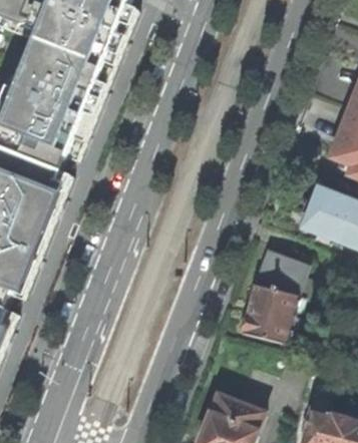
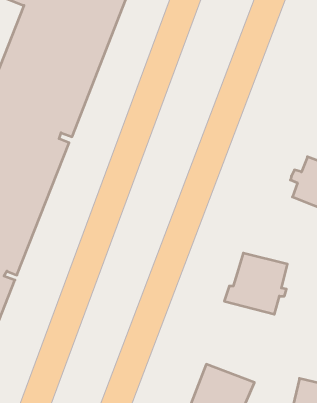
building: [250,249,311,295] -> none

